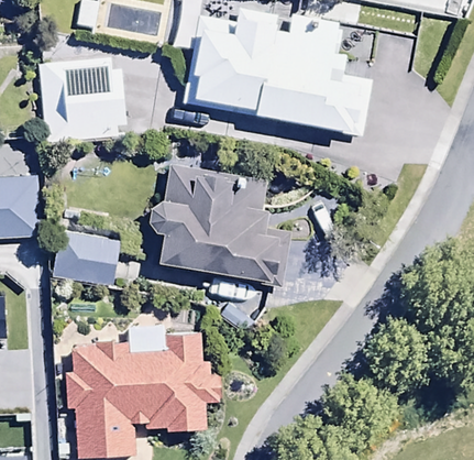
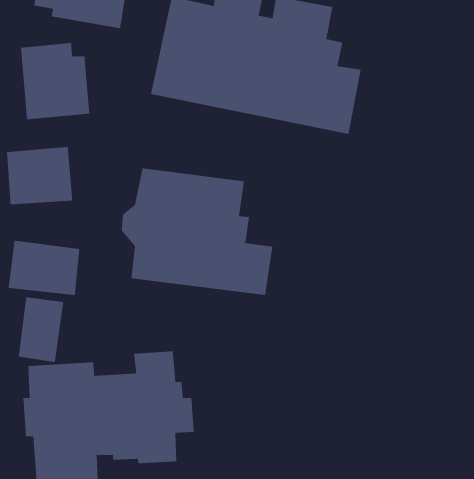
building: none -> [7,146,73,205]
building: none -> [18,297,64,363]

